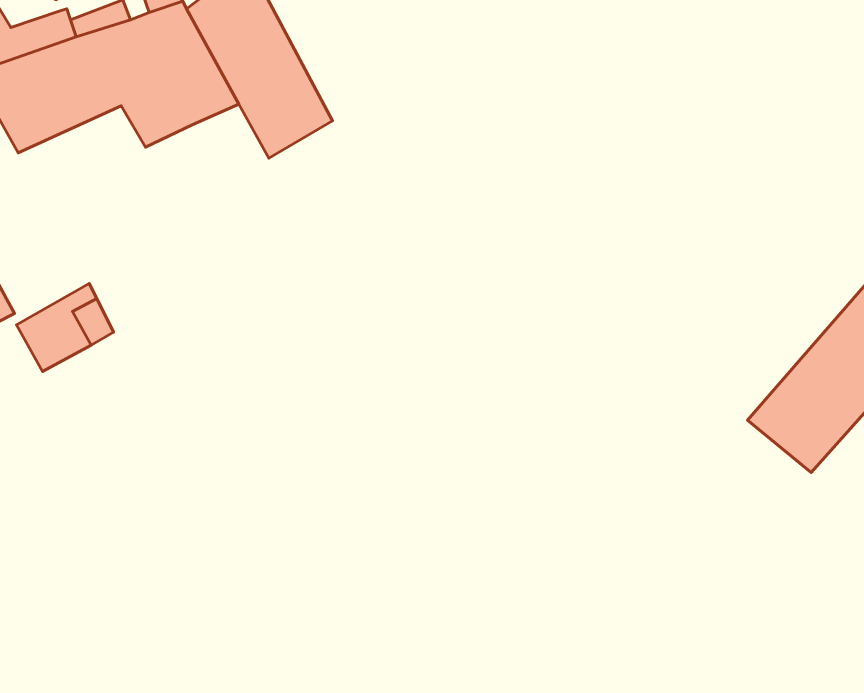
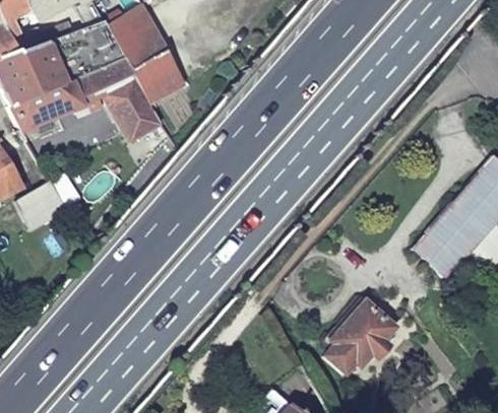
building: none -> [110,79,162,144]
building: none -> [15,80,84,127]
building: none -> [323,304,394,378]

